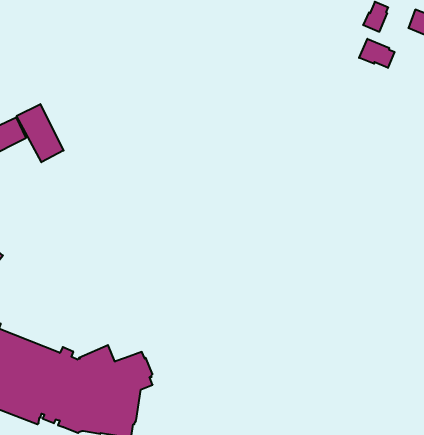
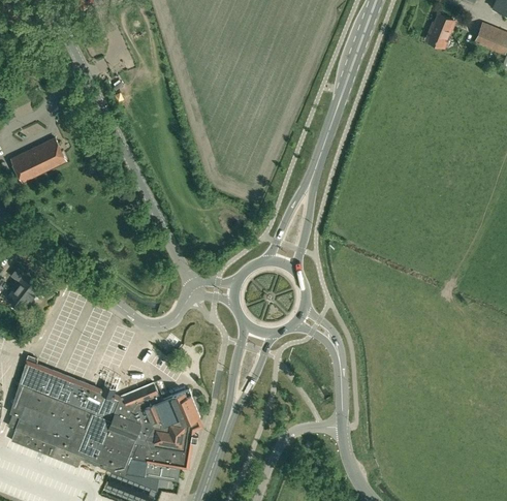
building: [359,39,395,68] -> none
building: [17,104,64,162] -> none

